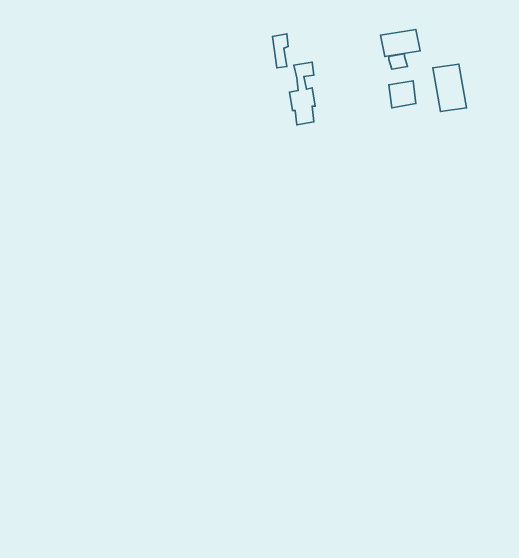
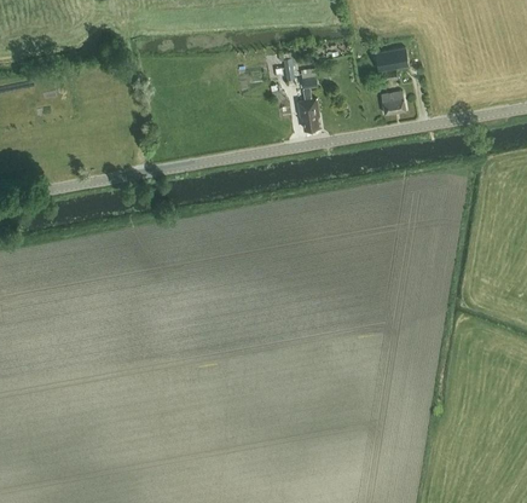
building: [433,64,467,111] -> none

